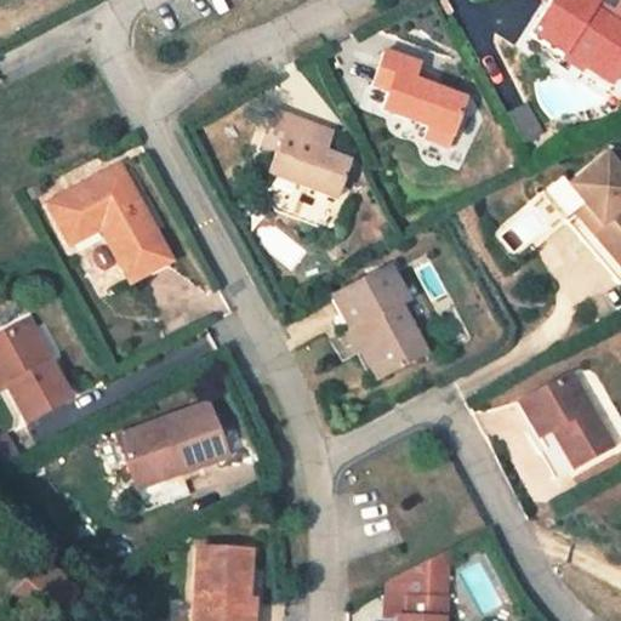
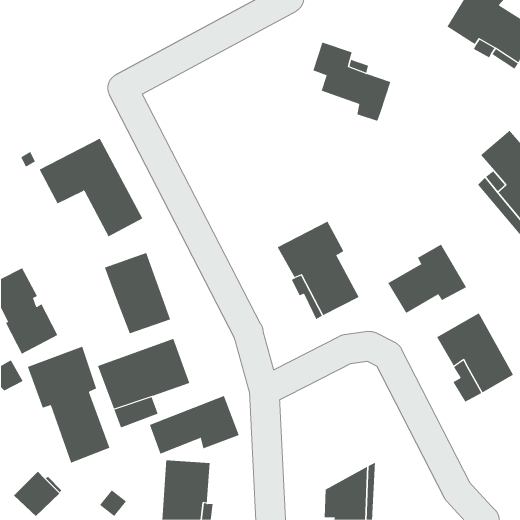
building: [261,109,352,196] -> none
building: none -> [387,244,467,314]
building: none -> [104,252,171,334]
building: none -> [27,346,110,464]
building: none -> [149,395,239,454]

